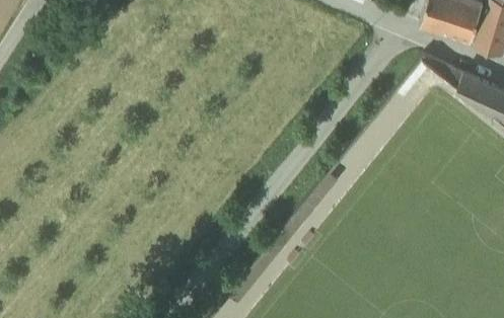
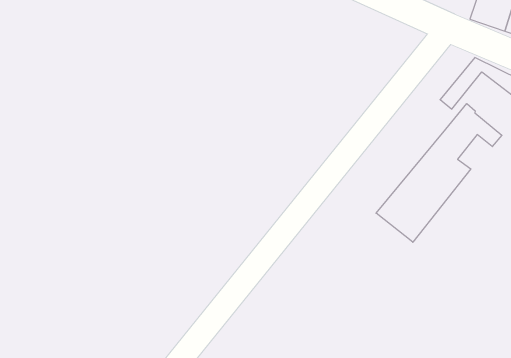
building: none -> [376,104,502,242]

